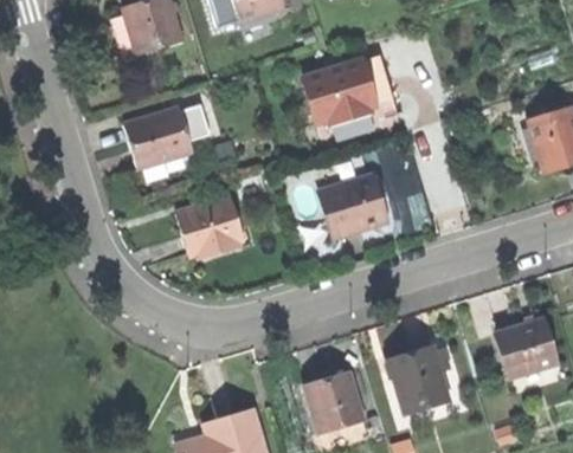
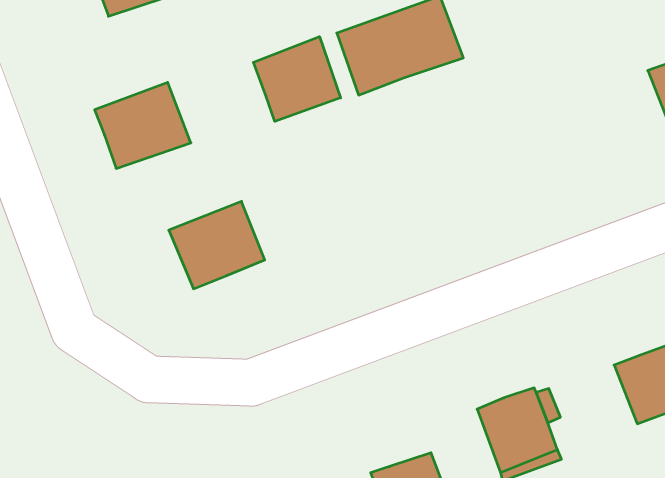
building: none -> [253,37,341,121]
building: [323,175,388,235] -> none

